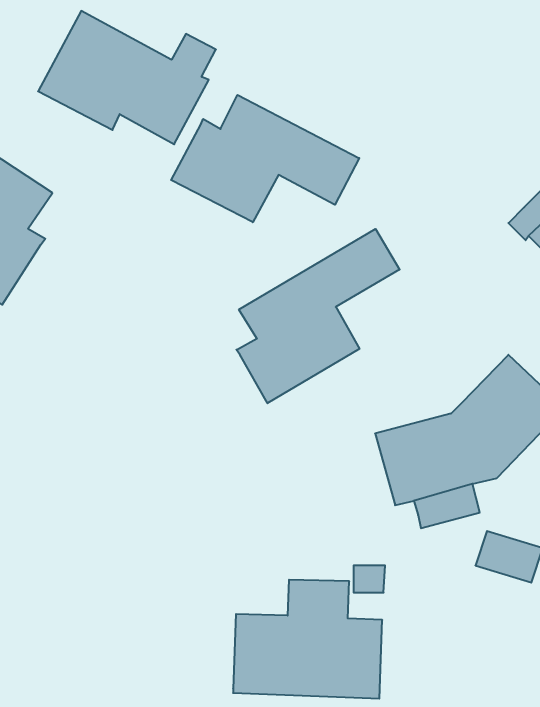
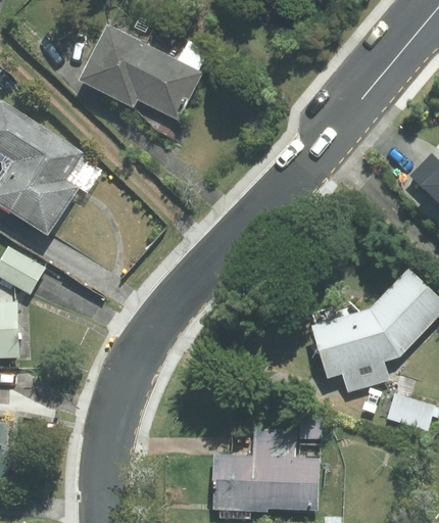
building: [171,95,359,222] -> none
building: [236,229,400,403] -> none

